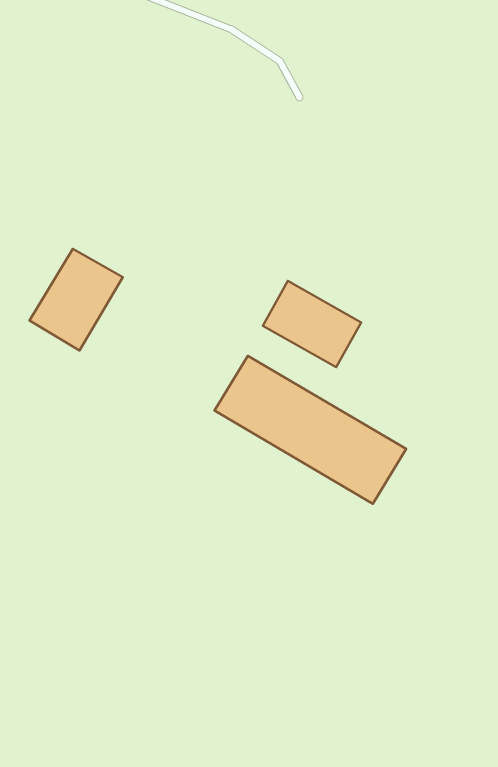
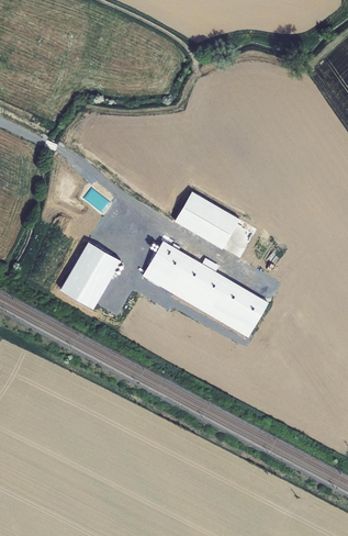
building: [30,249,123,350] -> [60,242,122,309]

